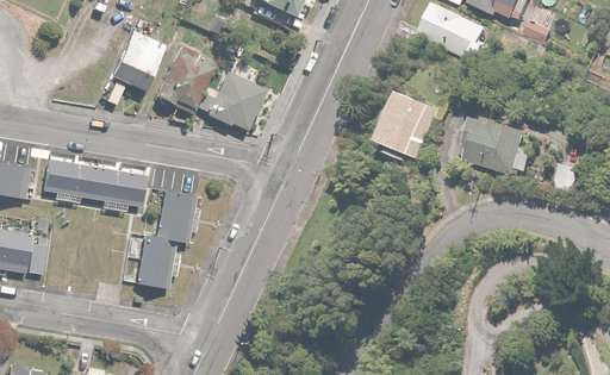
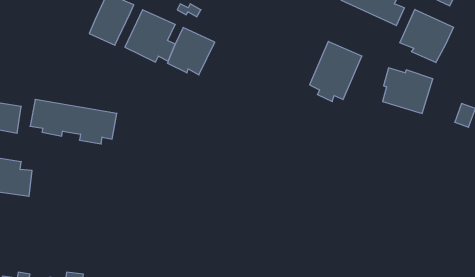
building: none -> [400,9,454,63]
building: [136,190,199,288] -> none

